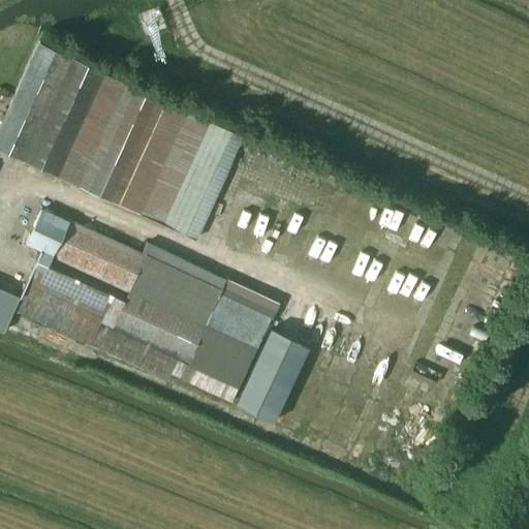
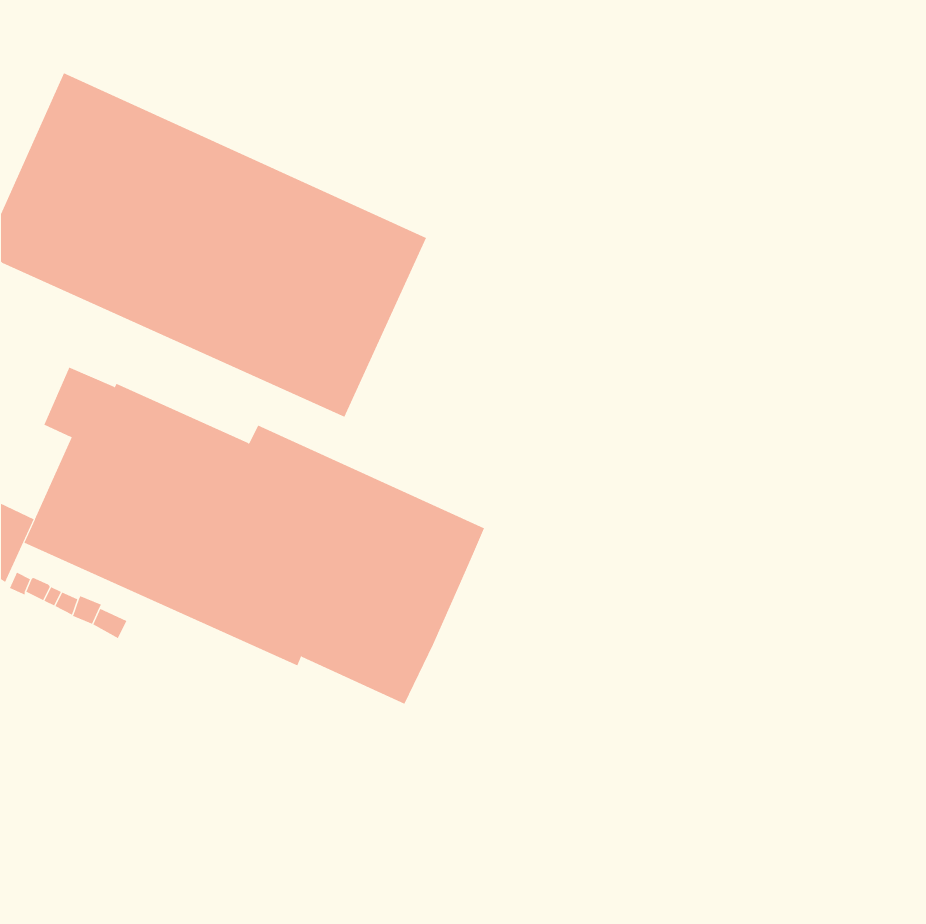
building: [238,331,308,423] -> none

